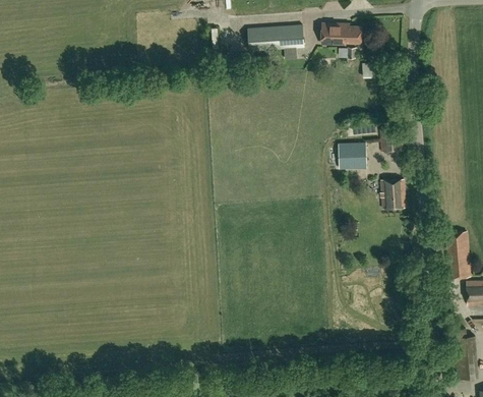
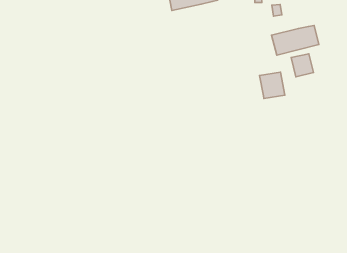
building: none -> [272,26,319,55]
building: [380,179,406,210] -> none

